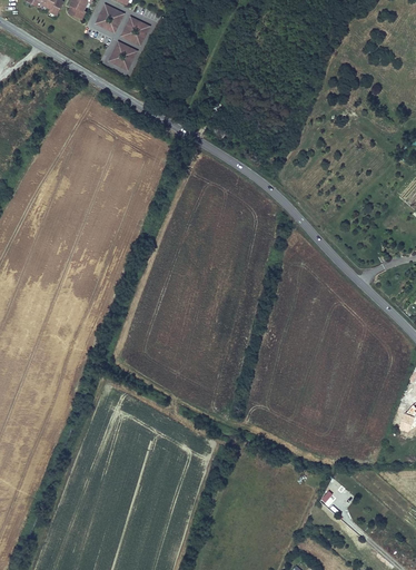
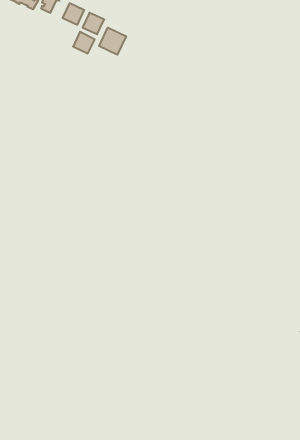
building: none -> [99,28,126,55]

